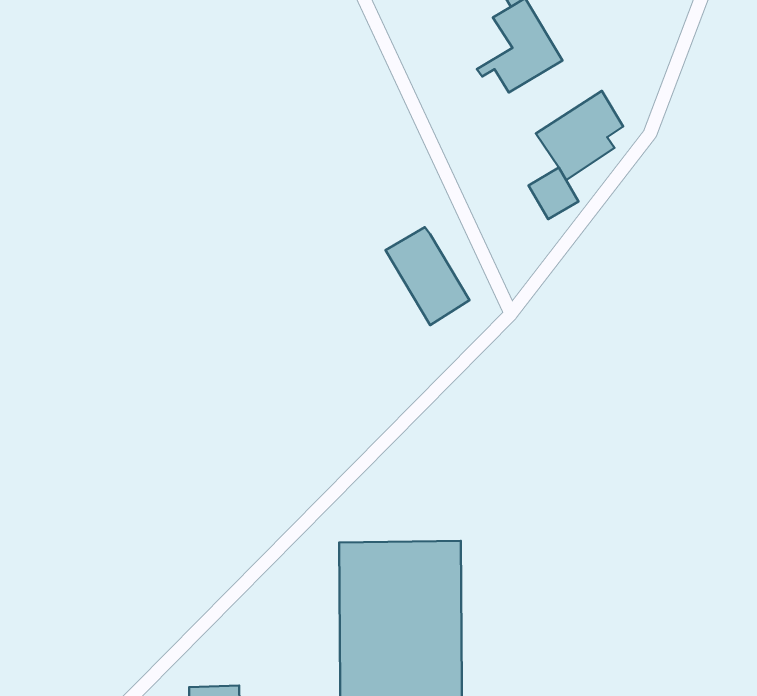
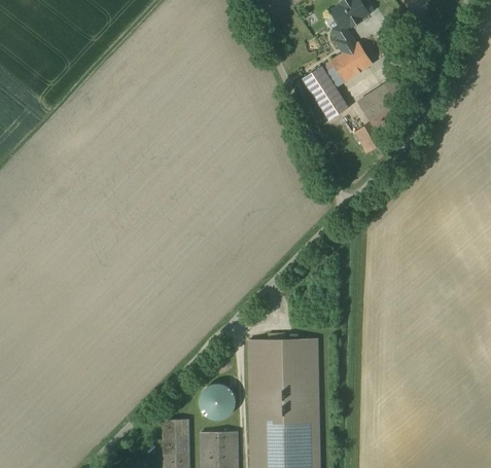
building: [386,227,469,325] -> [303,67,351,123]
building: none -> [198,383,234,420]

